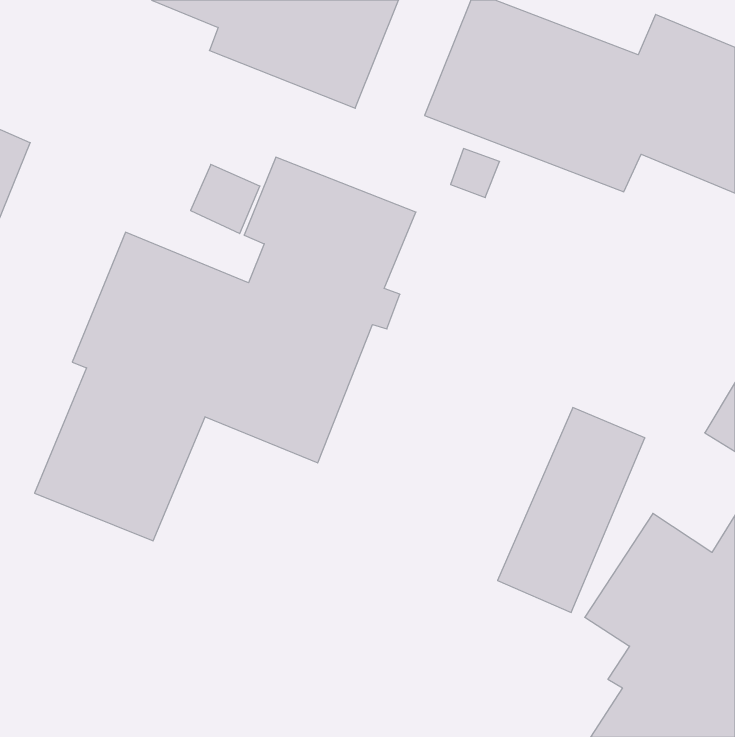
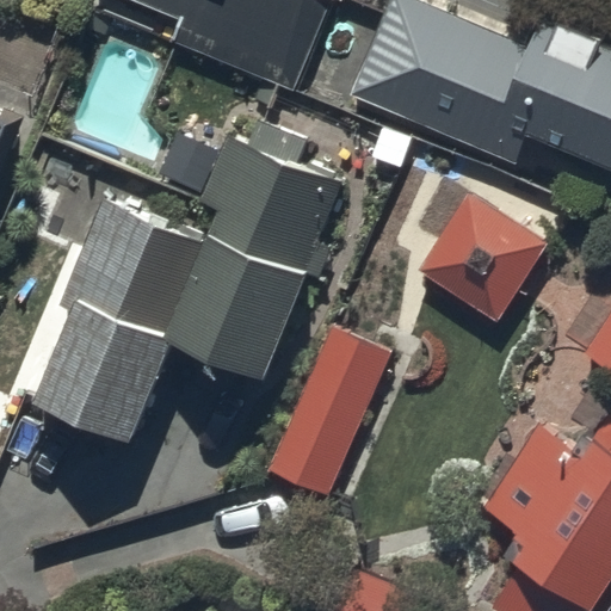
building: none -> [419,192,548,321]
building: [498,408,645,612] -> [270,322,391,492]

